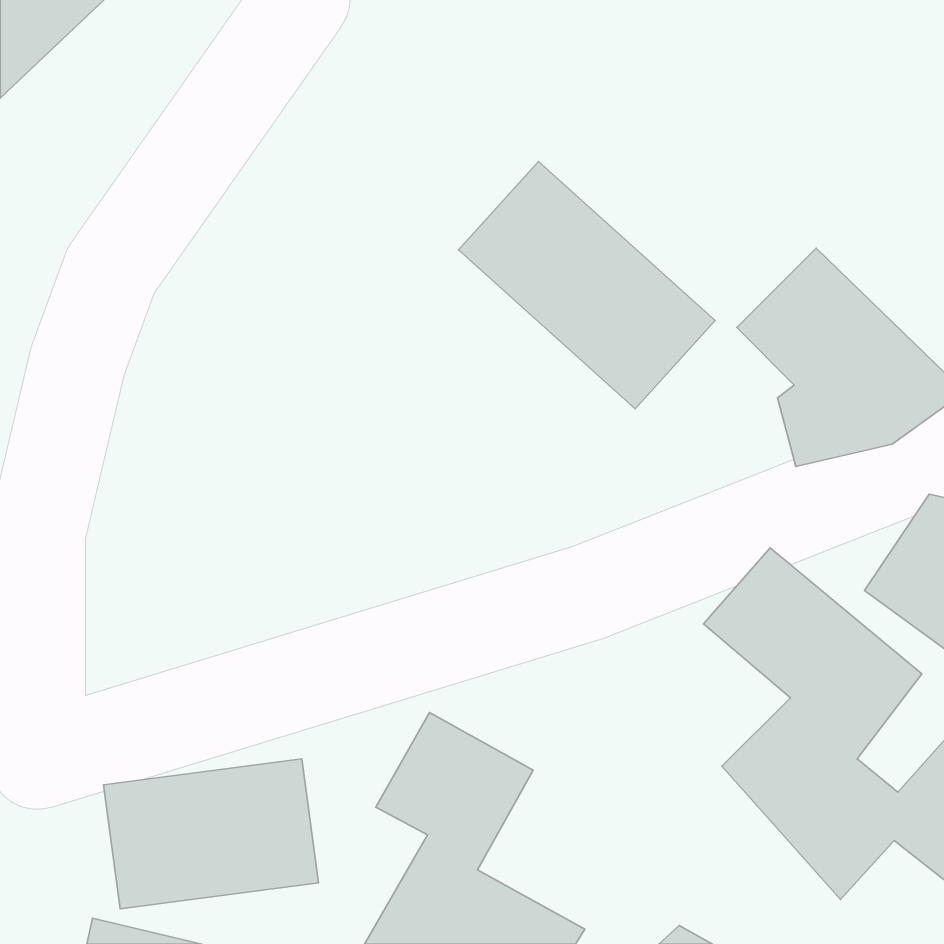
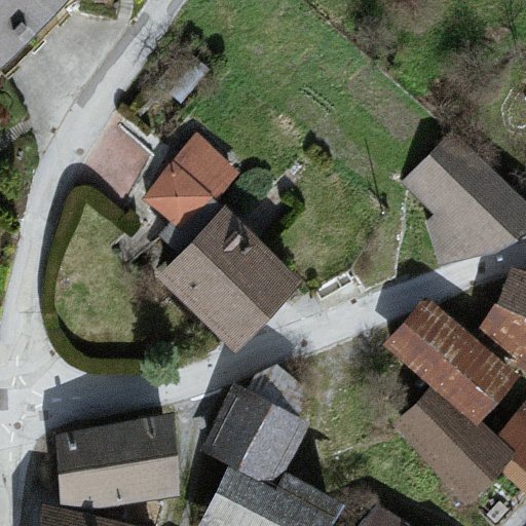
building: [459,162,715,409] -> none
building: none -> [151,146,292,341]

